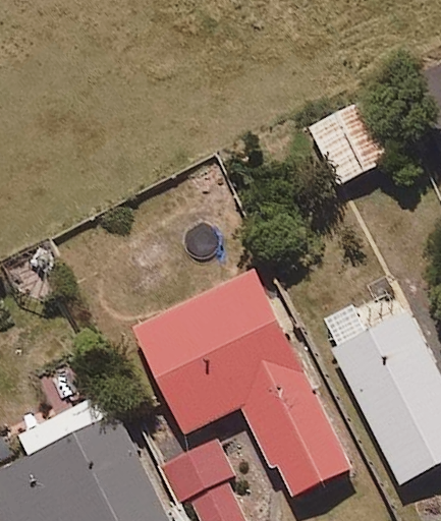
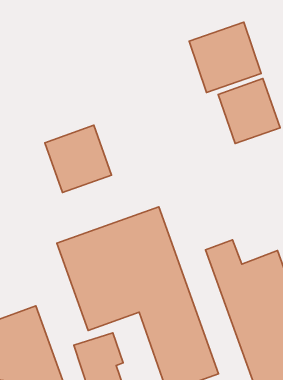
building: none -> [189,22,261,92]
building: none -> [45,125,111,193]

